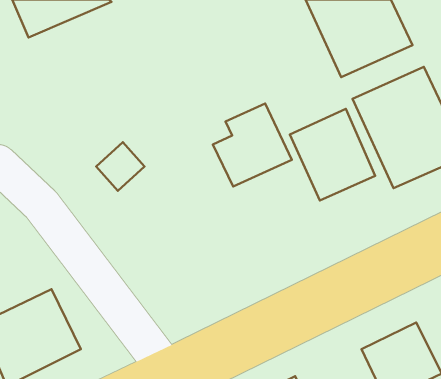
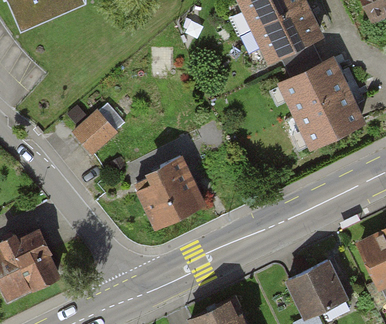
building: [213,104,292,187] -> [141,160,203,225]
building: [290,109,375,200] -> none

